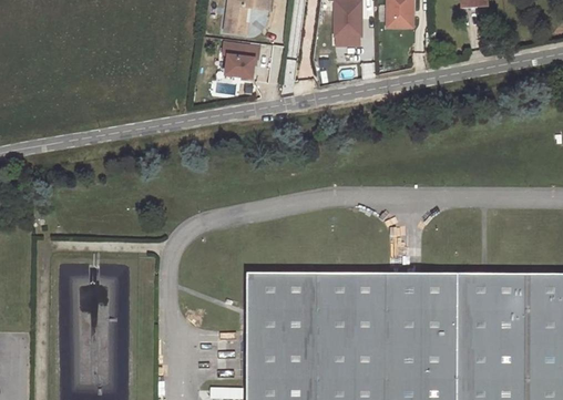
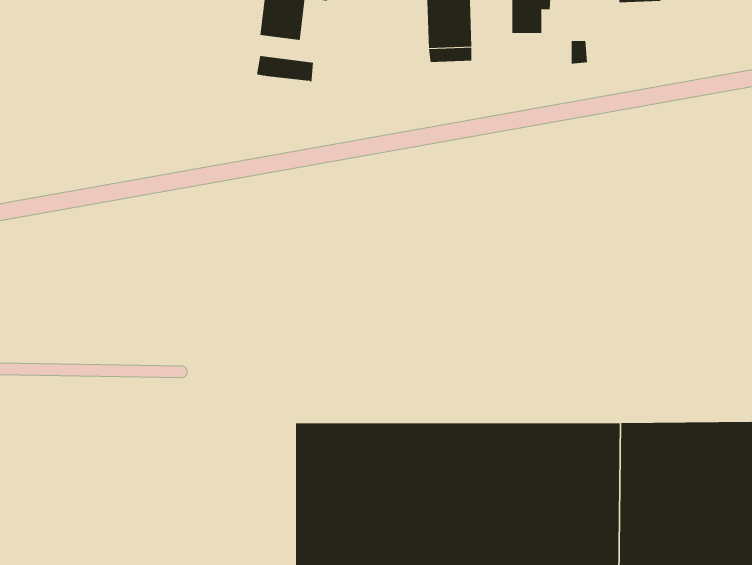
building: [225,54,256,78] -> none

